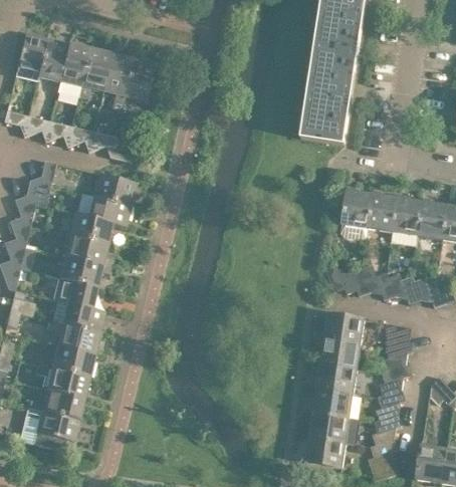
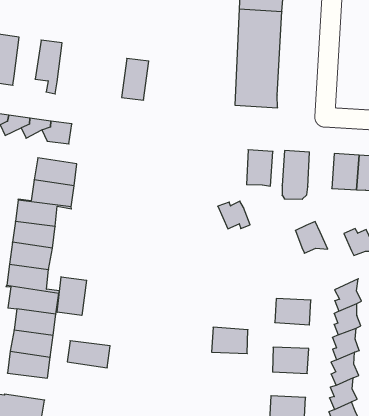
building: [76,47,110,99] -> none
building: [123,57,154,101] -> [122,58,149,100]
building: [368,193,398,232] -> [247,150,273,186]
building: [324,264,356,292] -> [218,201,250,229]
building: [376,272,406,298] -> none
building: none -> [57,277,87,315]
building: [324,313,364,343] -> none
building: [316,362,356,393] -> [212,327,248,354]
building: [38,388,83,419] -> [67,341,110,368]
building: [309,413,349,442] -> none

